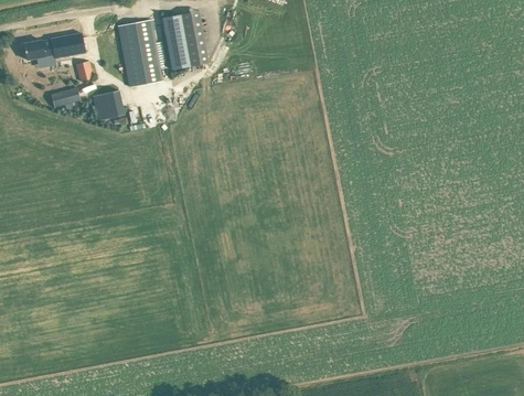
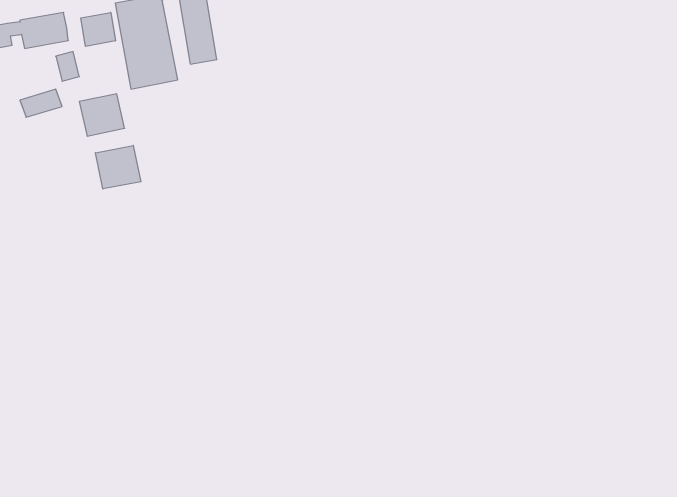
building: none -> [81,12,115,46]
building: none -> [95,145,141,189]

